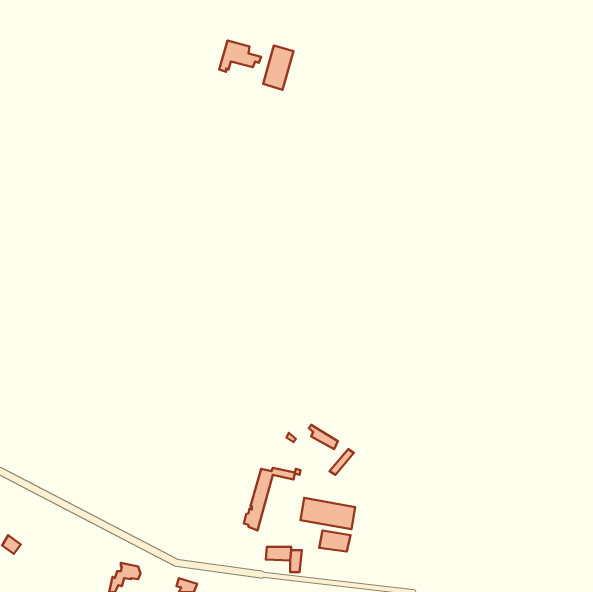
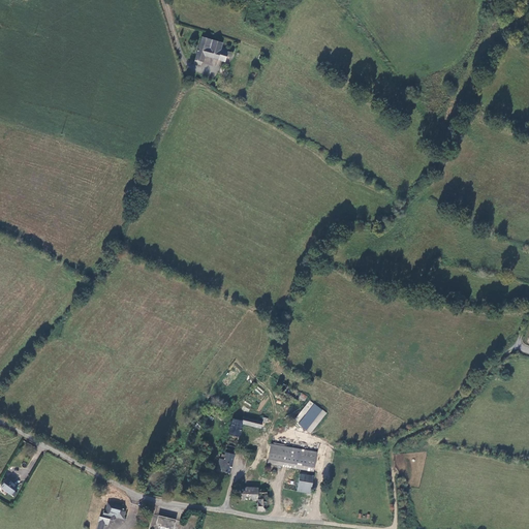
building: [263,45,293,90] -> none
building: none -> [299,403,326,432]

